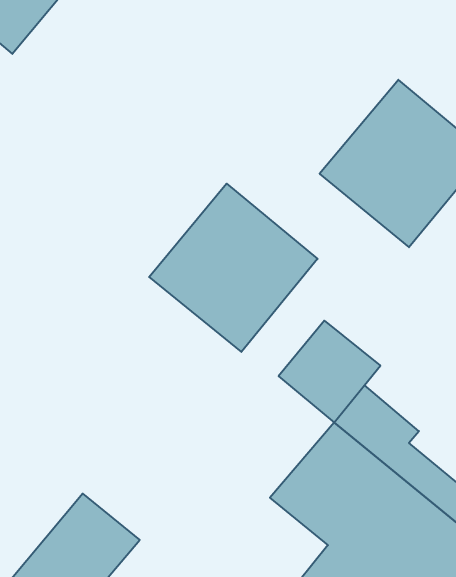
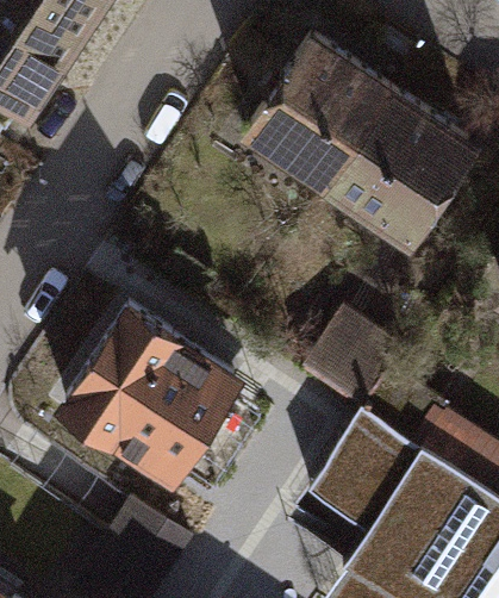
building: none -> [235,27,391,185]
building: [149,184,318,352] -> none
building: none -> [67,318,236,482]

